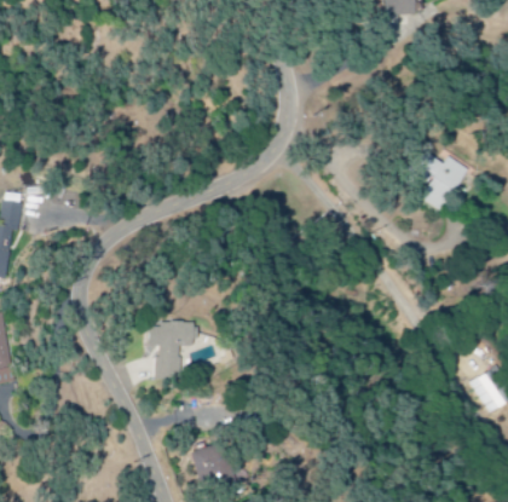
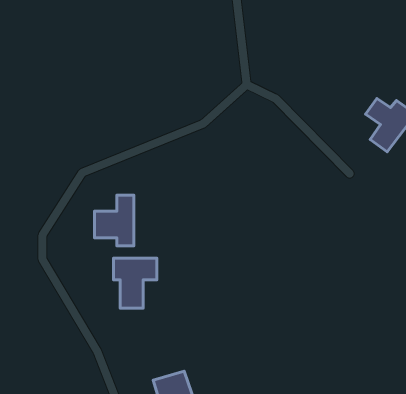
building: none -> [94,195,134,246]

